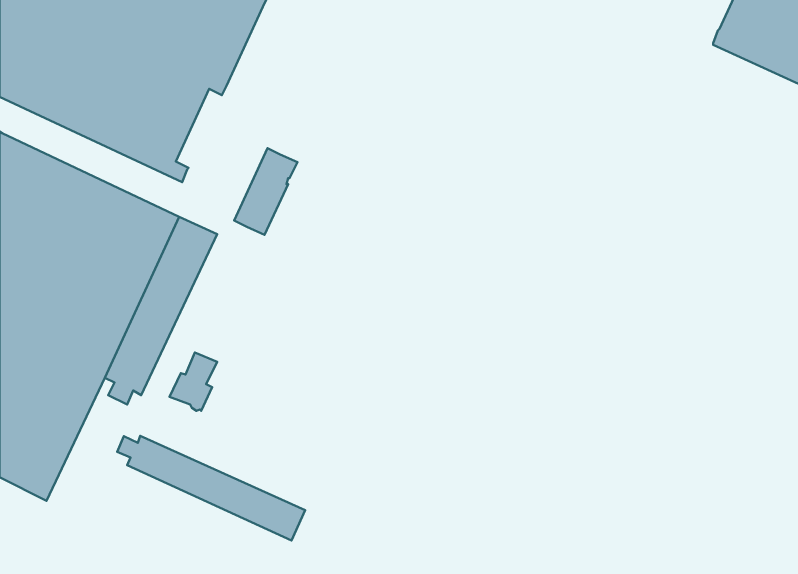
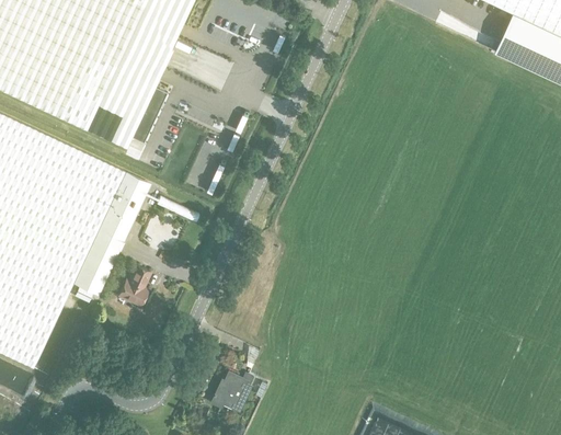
building: [234,148,298,235] -> [123,81,167,141]
building: [117,436,305,540] -> none
building: none -> [213,370,254,410]

